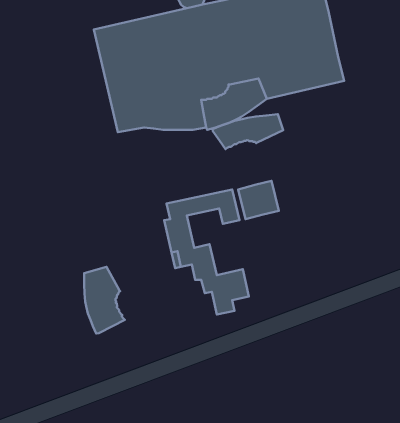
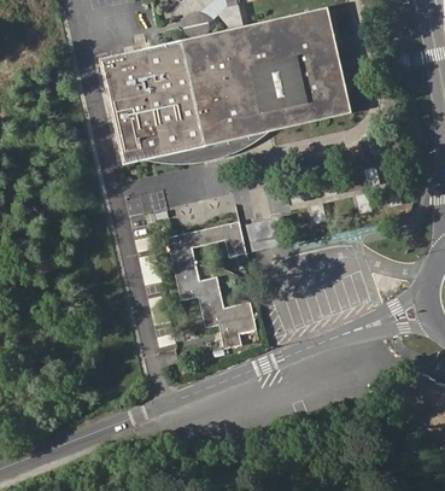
building: [212,114,283,149] -> none
building: [84,267,125,334] -> none

